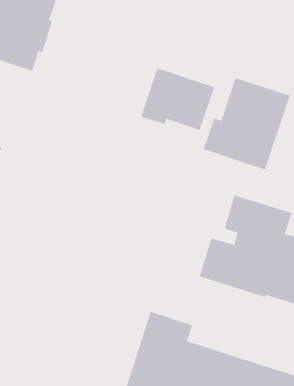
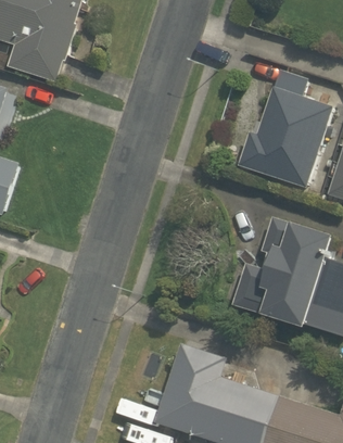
building: [140,68,215,131] -> none

